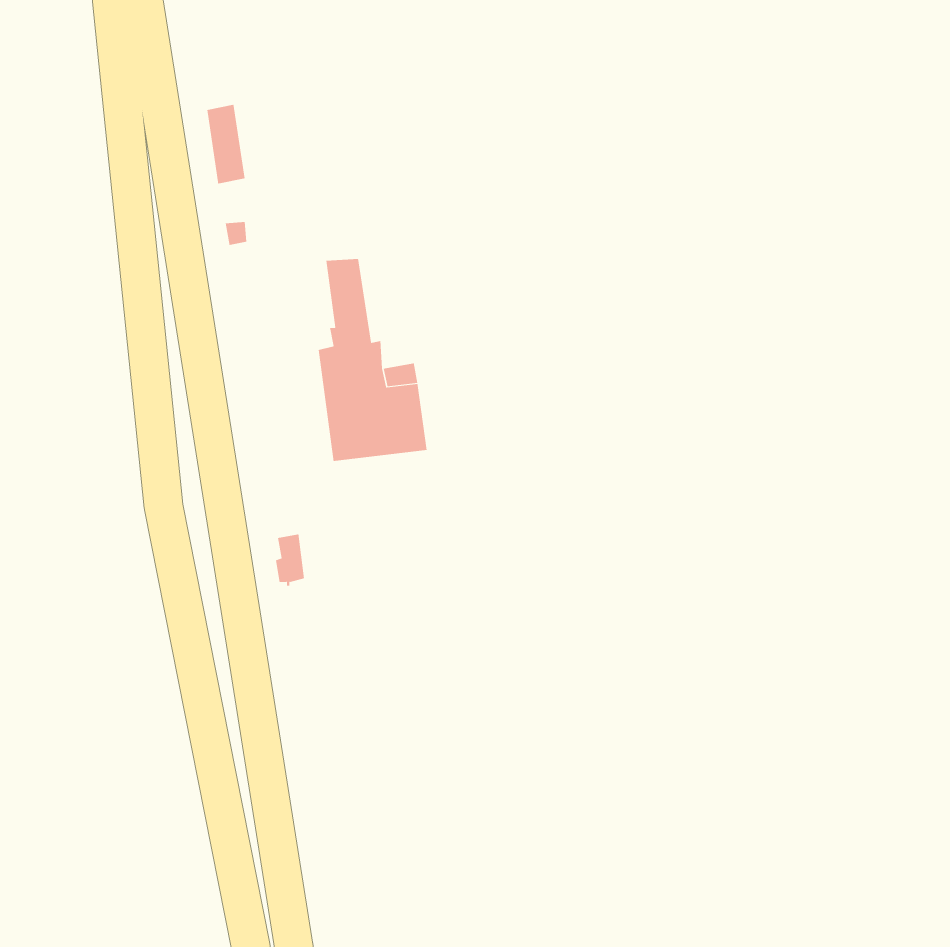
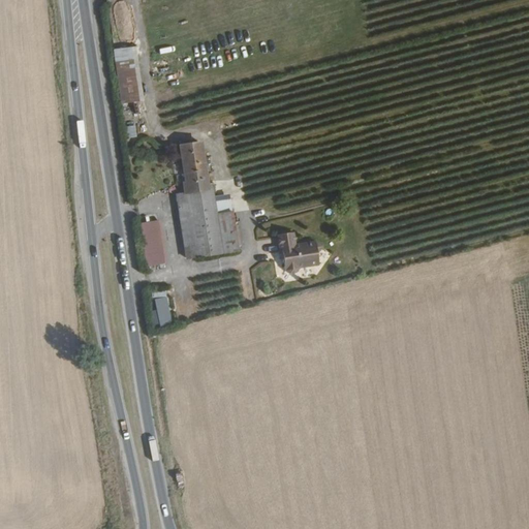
building: none -> [139,221,161,270]
building: none -> [277,230,325,272]

